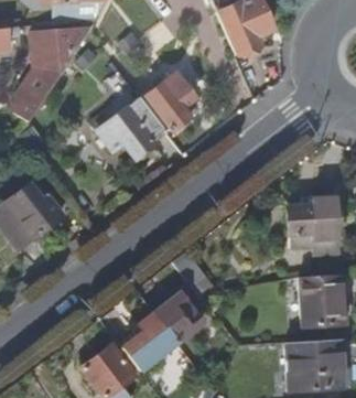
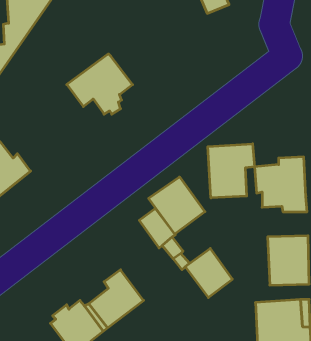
building: [142,69,197,127] -> none
building: none -> [208,144,254,198]
building: none -> [149,177,205,234]
building: [152,293,199,343] -> [185,248,232,298]

